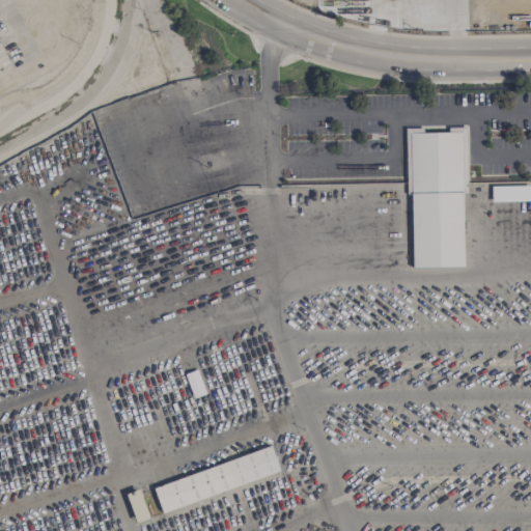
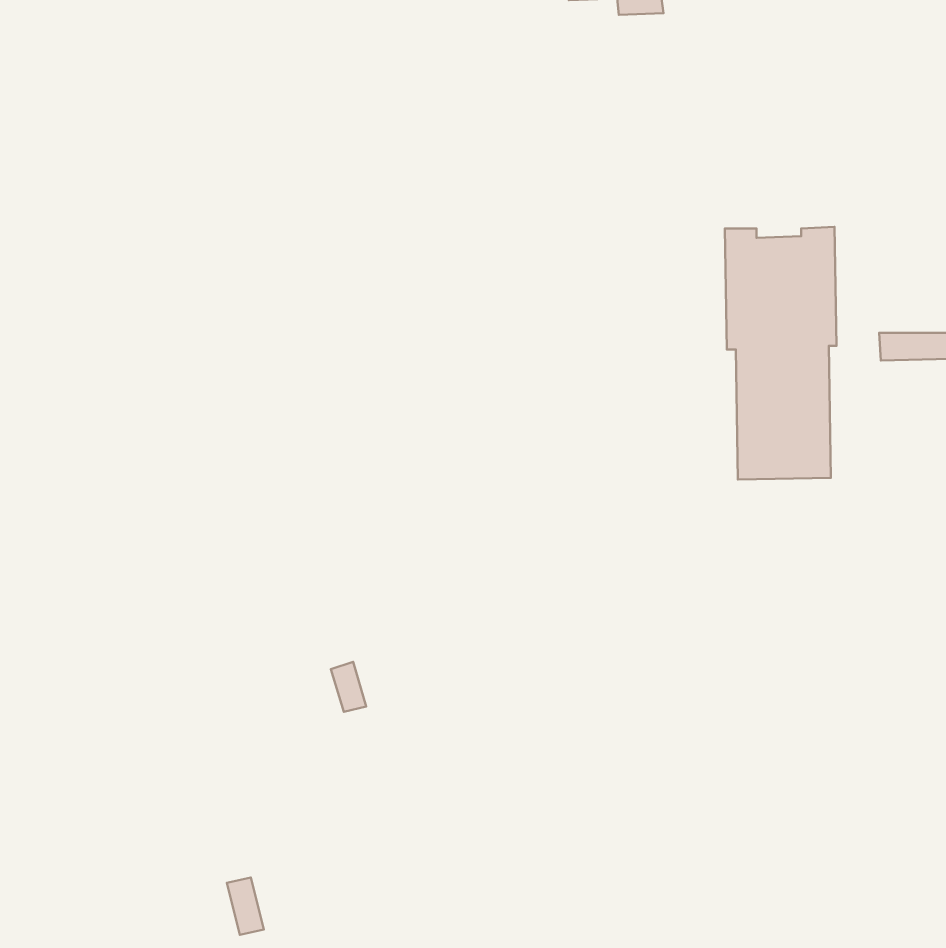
building: [155,446,282,512] -> none

